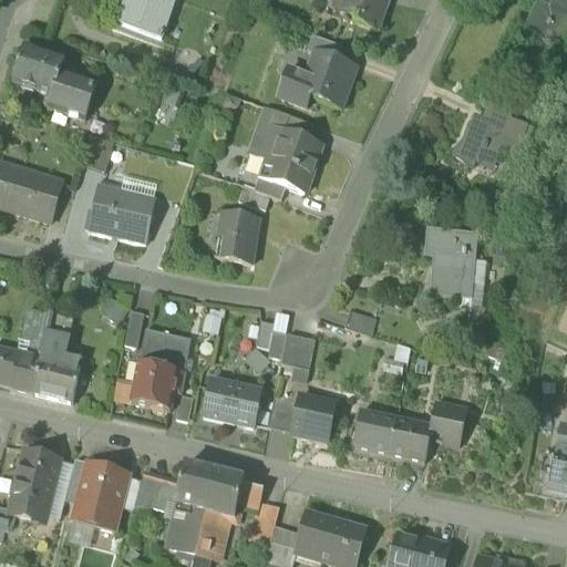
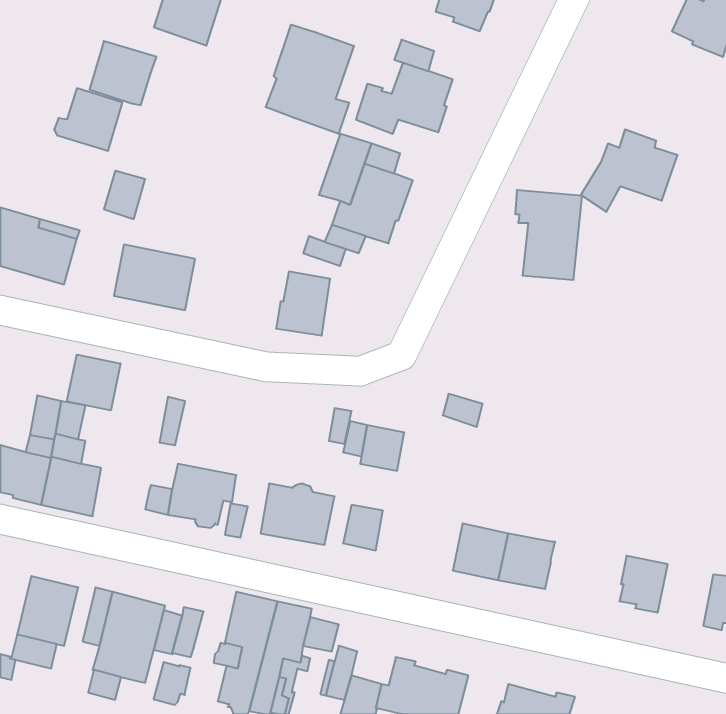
building: none -> [266,25,354,134]
building: [13,43,65,93] -> [89,41,156,105]
building: [425,227,477,297] -> [515,190,582,280]
building: none -> [67,355,121,410]
building: [140,327,192,370] -> none
building: [292,393,336,439] -> none
building: [430,400,467,444] -> [619,556,668,613]
building: [152,476,181,509] -> [154,662,191,705]

